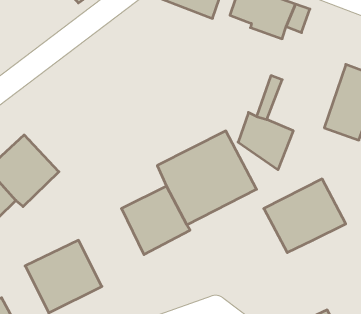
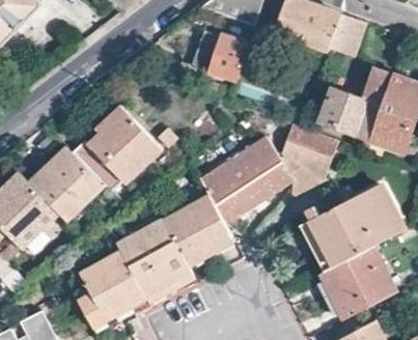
building: none -> [191,30,251,83]
building: none -> [319,67,391,138]
building: none -> [71,111,157,198]
building: none -> [116,218,191,299]
building: none -> [311,252,383,320]

